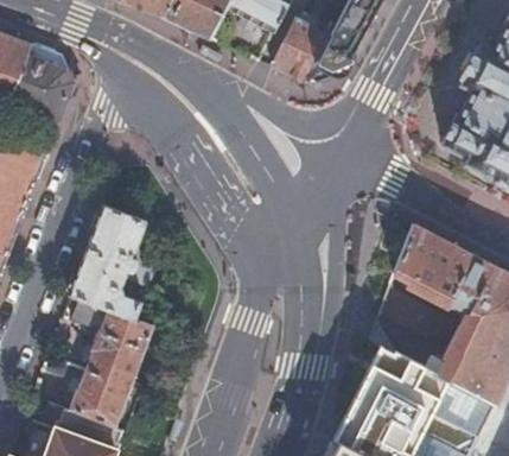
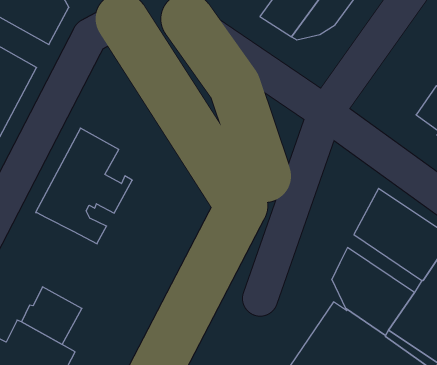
building: [72,297,153,385] -> none

